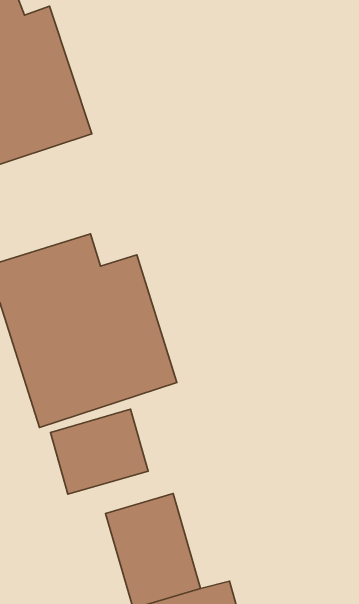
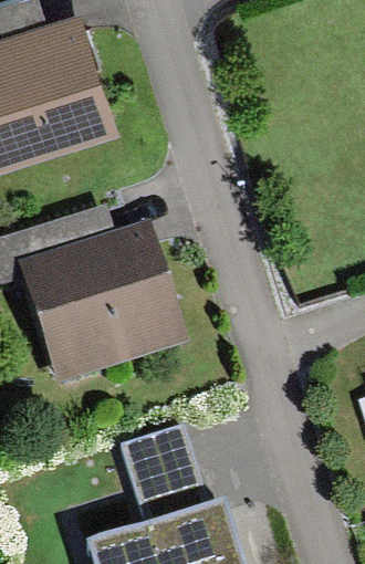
building: [50,409,148,494] -> none

